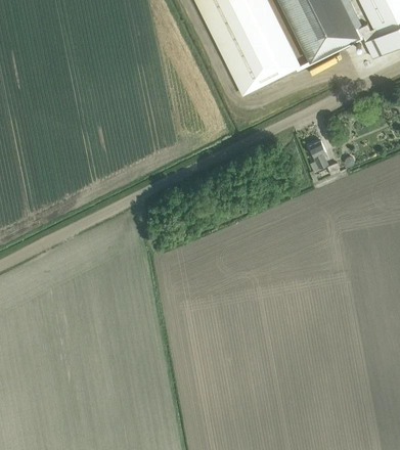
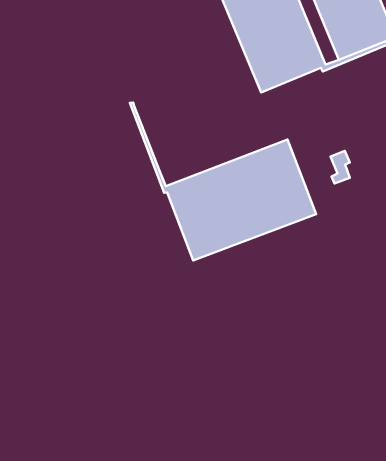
building: none -> [130,102,316,261]

